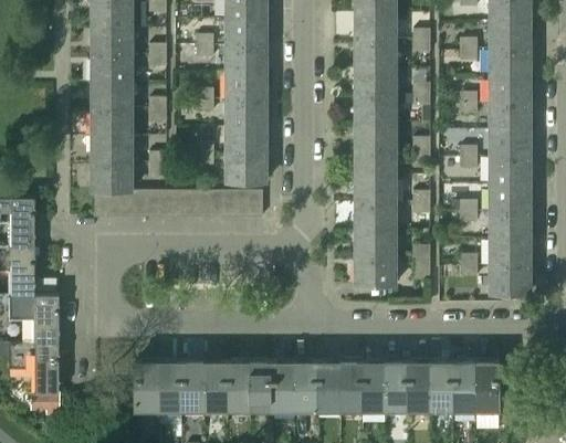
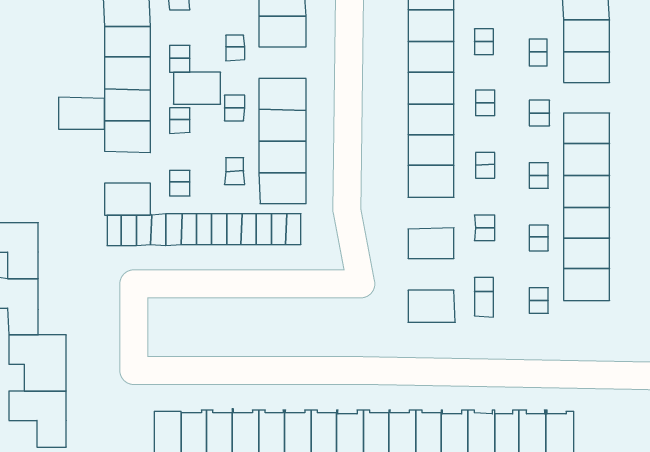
building: [226,46,266,74] -> [173,72,221,104]
building: [490,77,530,104] -> none
building: [92,137,132,165] -> [59,97,105,129]
building: [355,177,395,204] -> none
building: [355,230,395,257] -> none
building: [490,266,530,294] -> none

